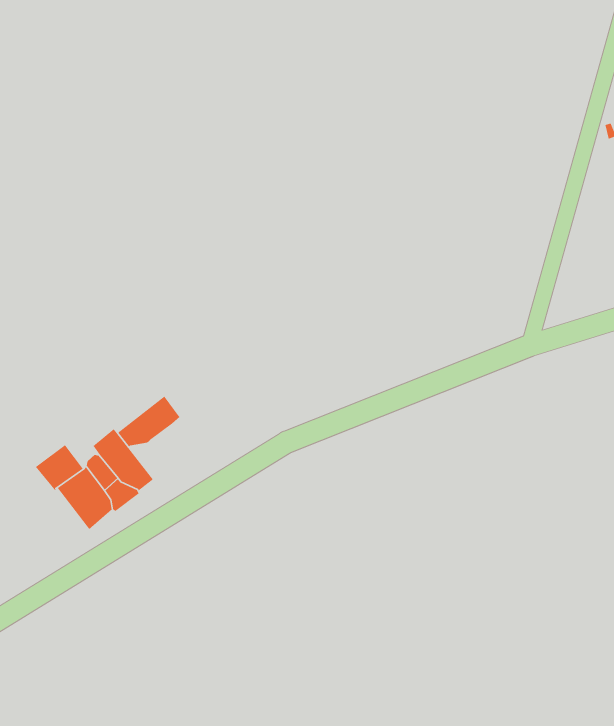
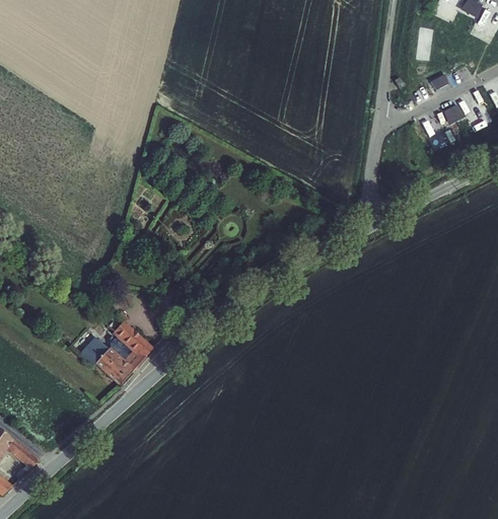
building: [117,395,181,448] -> none

